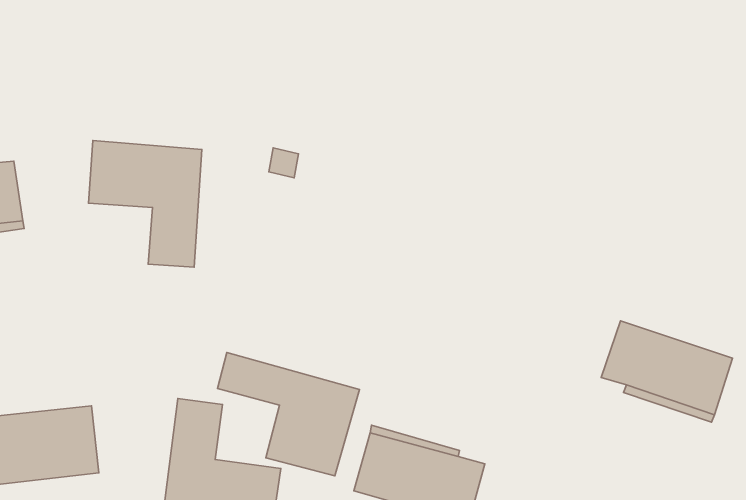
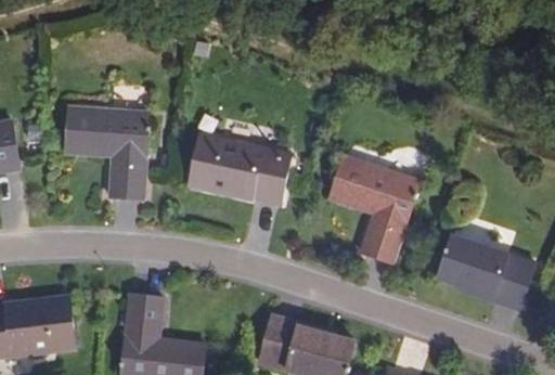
building: none -> [189,134,291,204]
building: none -> [330,155,420,262]
building: [217,353,359,476] -> none

